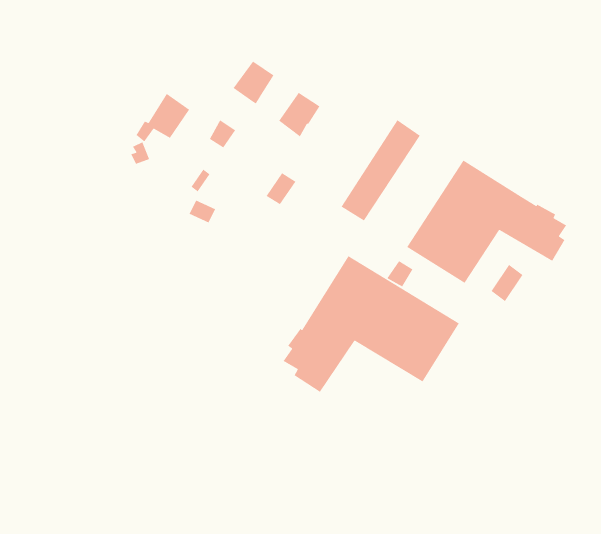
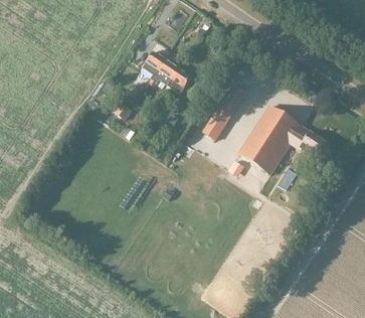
building: [135,93,190,142] -> [148,58,178,86]
building: [283,255,460,393] -> none

